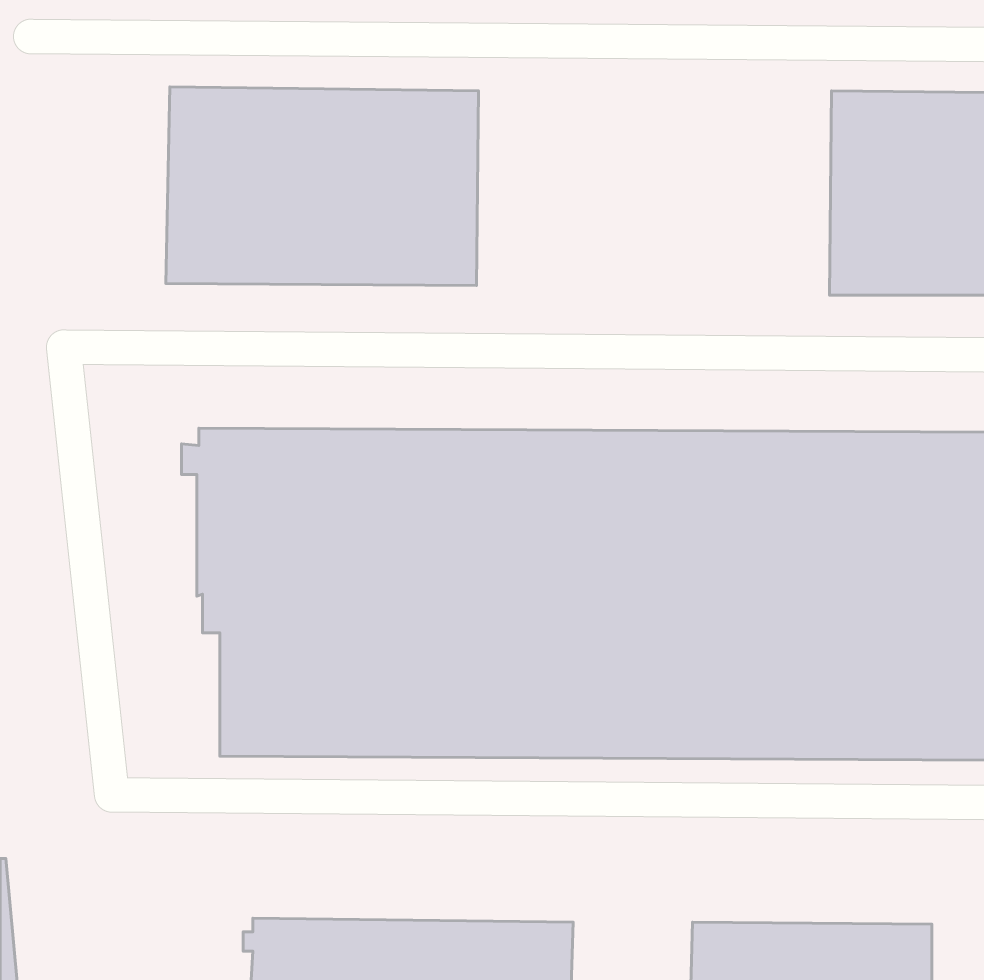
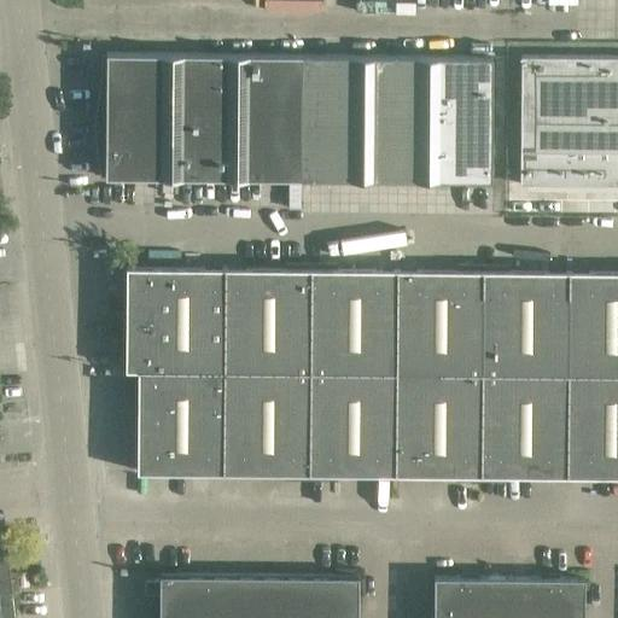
building: none -> [299,60,492,185]

